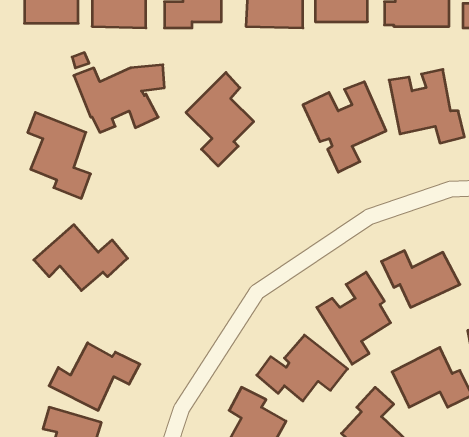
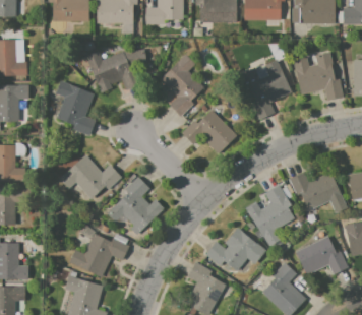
building: none -> [181,110,237,154]
building: none -> [107,177,164,235]

